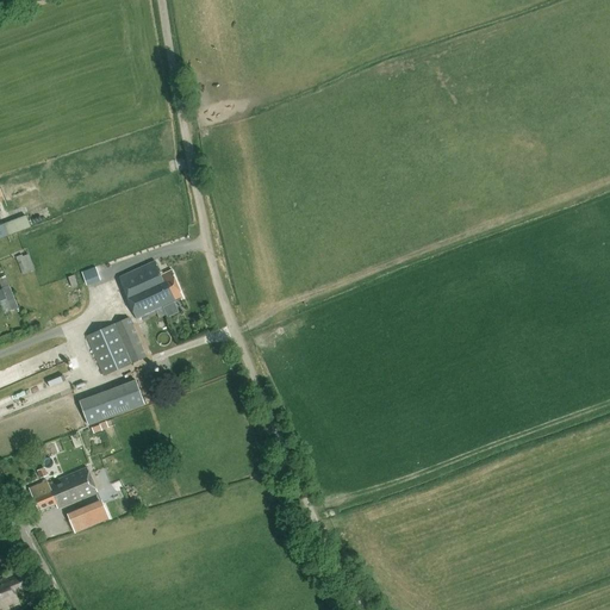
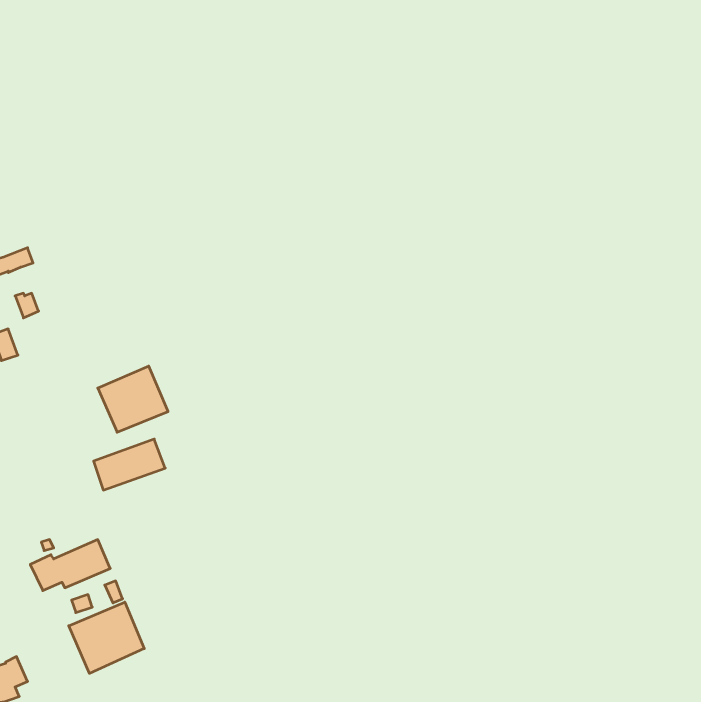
building: [117,261,181,318] -> none
building: none -> [69,602,144,673]

